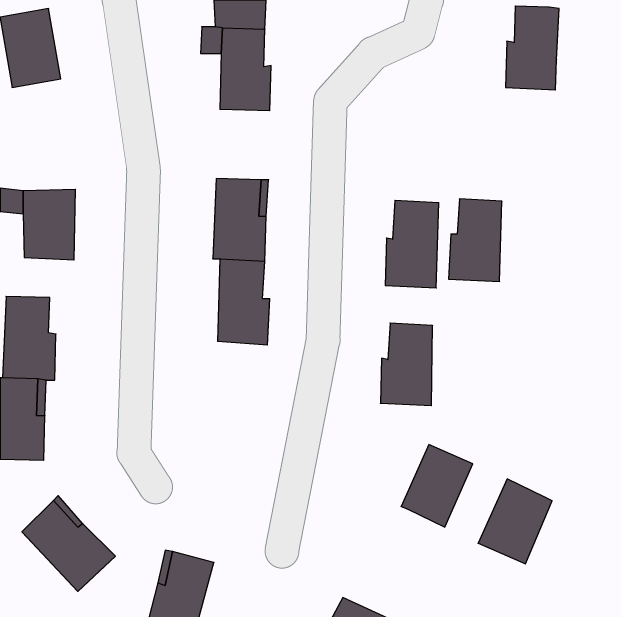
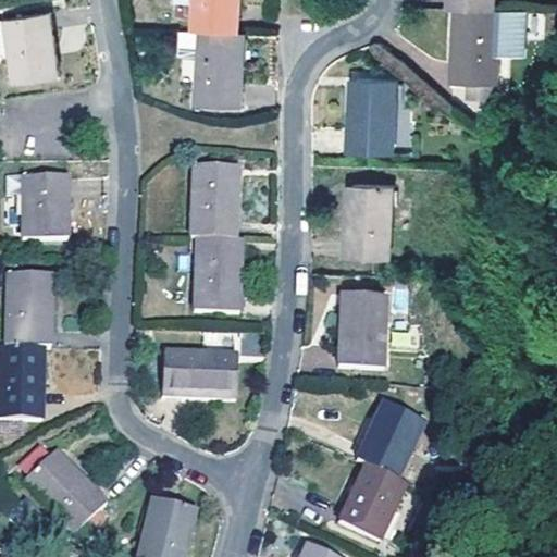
building: none -> [498,11,524,58]
building: [449,199,502,281] -> [348,78,396,152]
building: none -> [161,348,236,398]
building: [478,479,552,564] -> [338,459,405,535]

